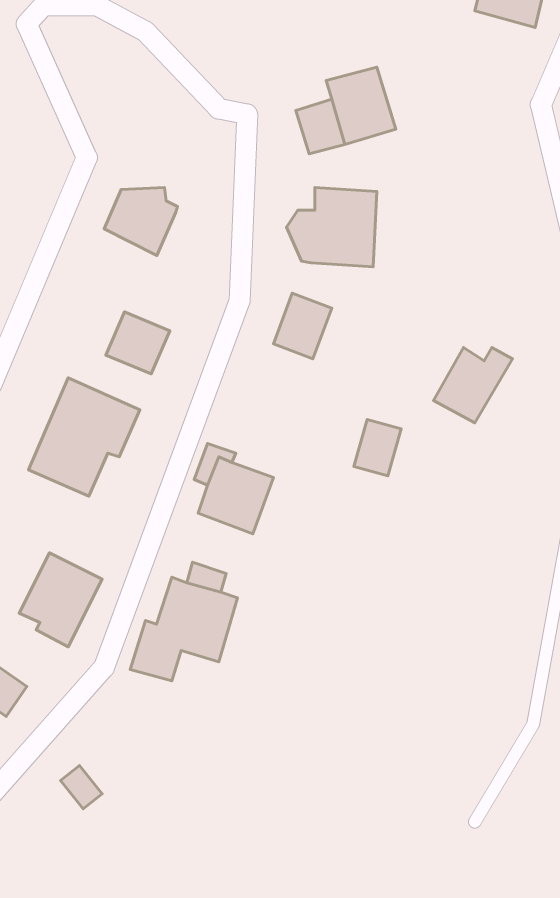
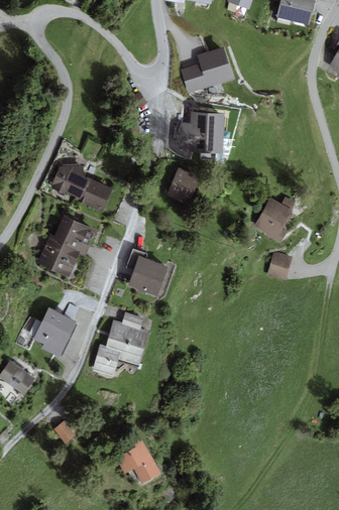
building: [104,188,178,255] -> [50,164,90,201]
building: [354,419,401,476] -> [267,250,293,280]
building: none -> [116,437,161,484]

